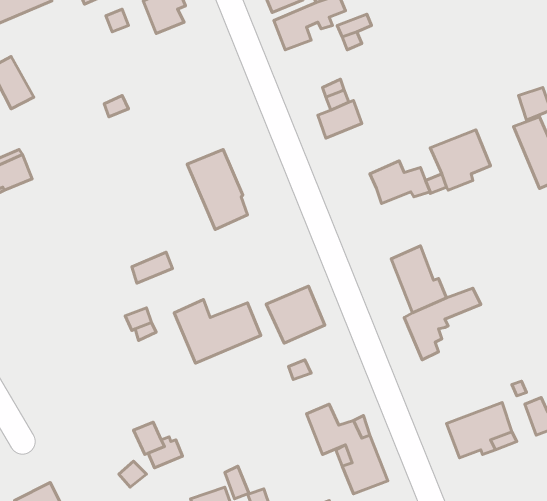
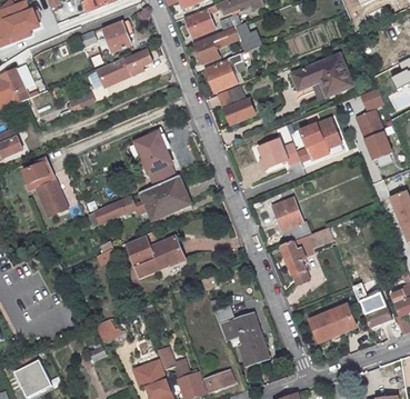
building: none -> [96,49,150,86]
building: none -> [292,52,352,94]
building: none -> [204,60,236,92]
building: none -> [24,158,67,211]
building: [266,286,325,343] -> [139,179,179,218]

